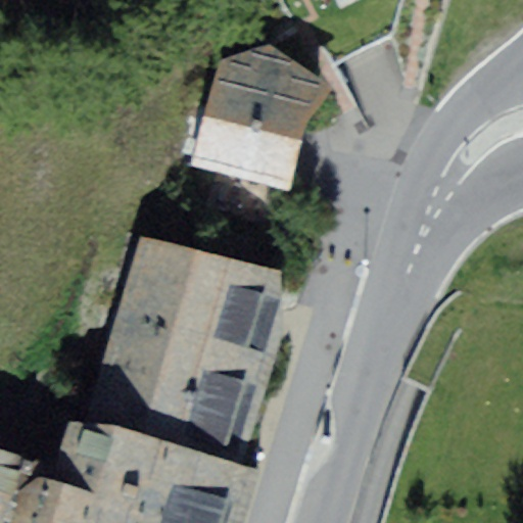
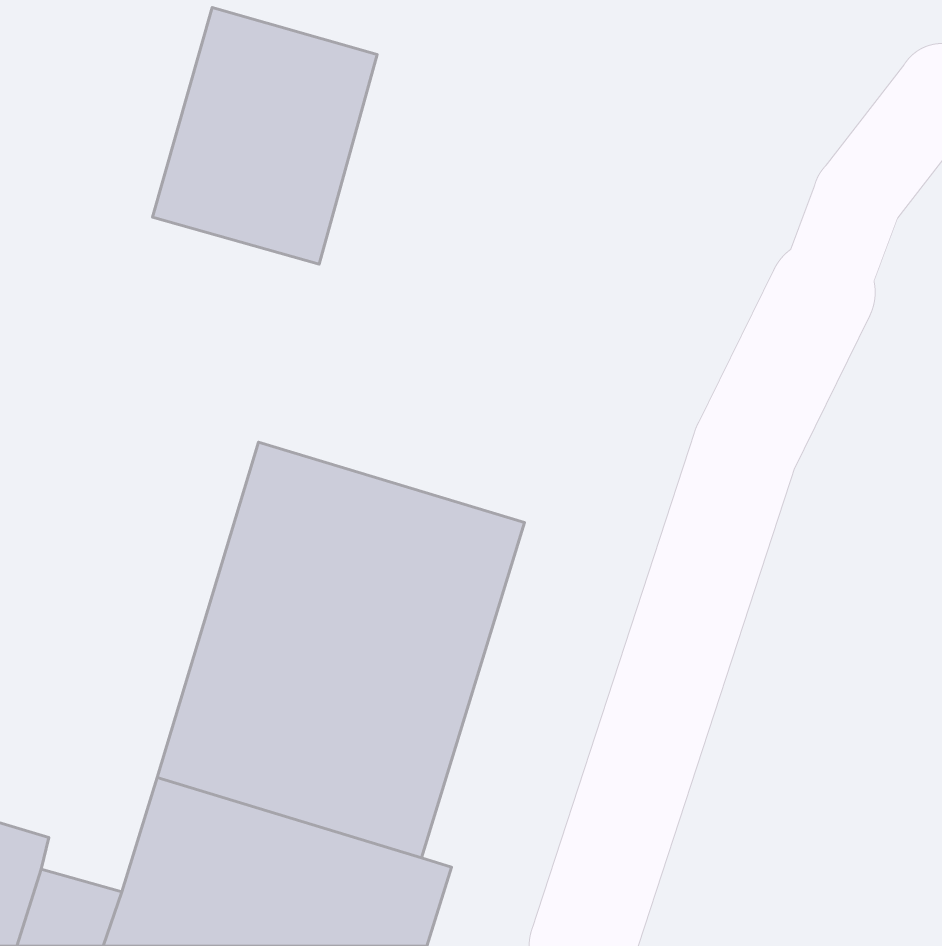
building: [190,49,313,189] -> [152,8,377,264]

